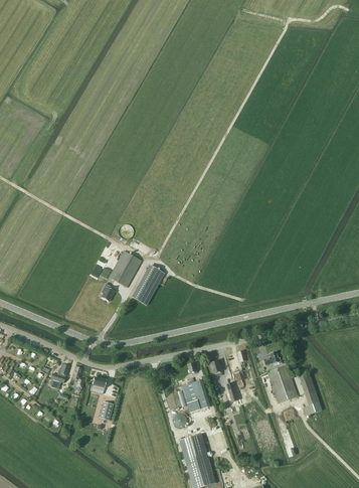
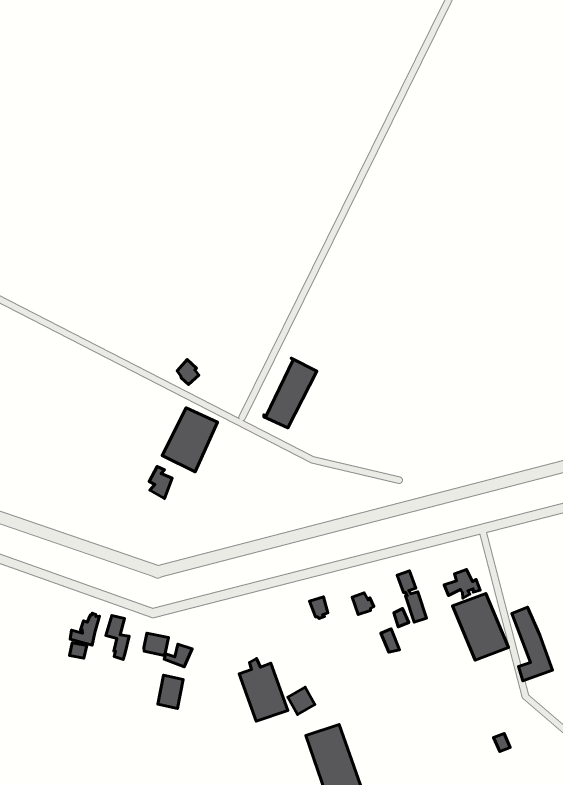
building: [133,266,164,305] -> [264,358,317,428]
building: [182,377,208,413] -> [239,659,288,721]

